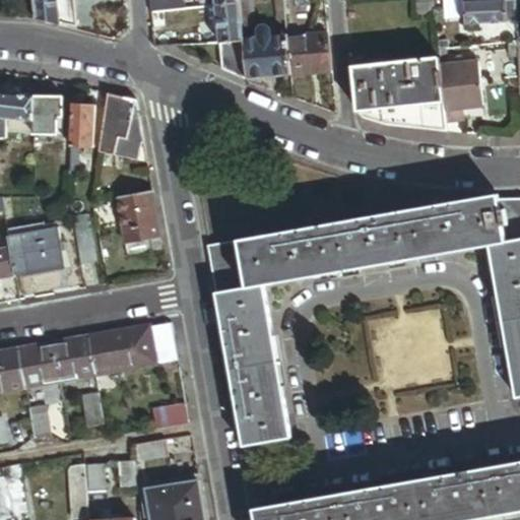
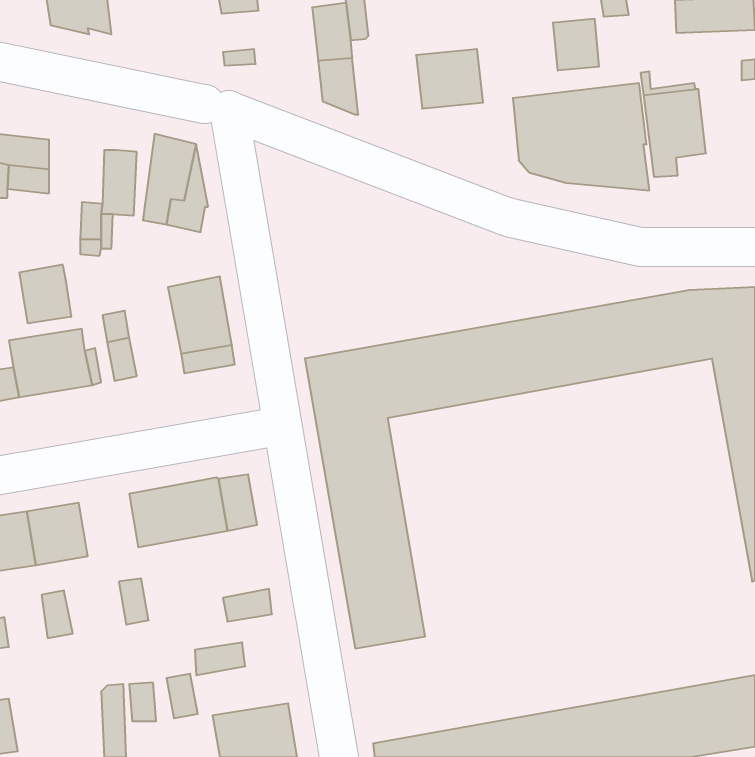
building: none -> [553,19,599,71]
building: [241,25,288,78] -> none
building: [34,95,61,139] -> none
building: none -> [20,264,71,323]
building: [54,337,94,380] -> none

